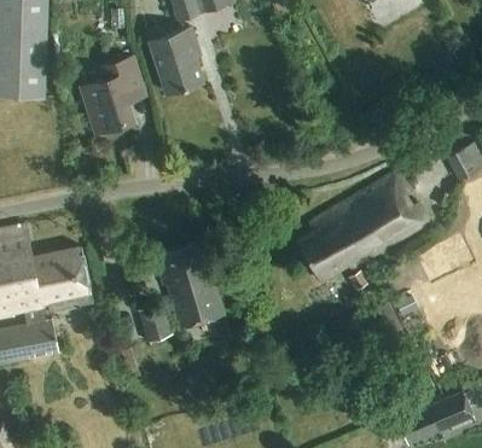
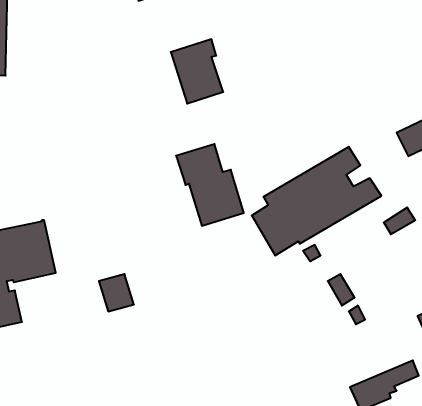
building: [149,28,203,94] -> [171,39,223,104]
building: [81,57,143,133] -> none
building: [153,244,223,328] -> [176,144,244,226]

